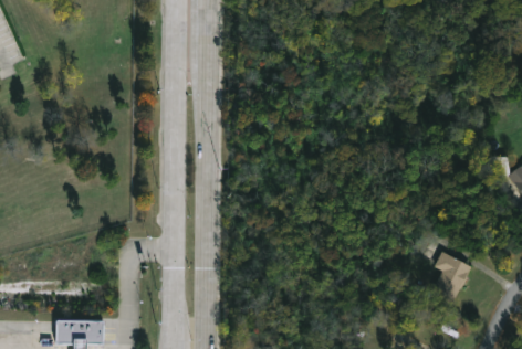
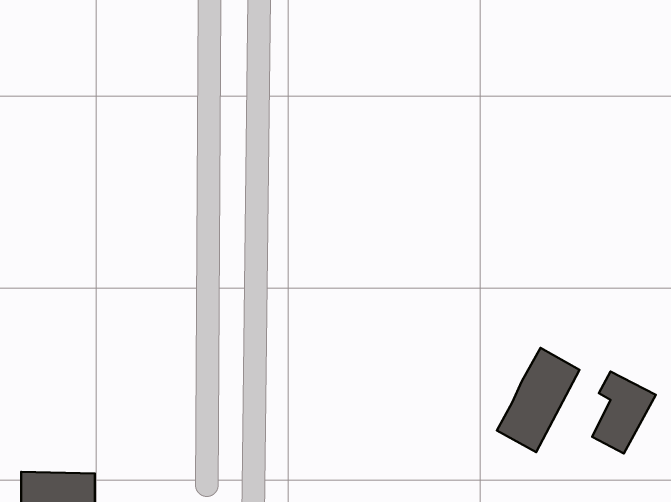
building: none -> [497,348,580,452]

